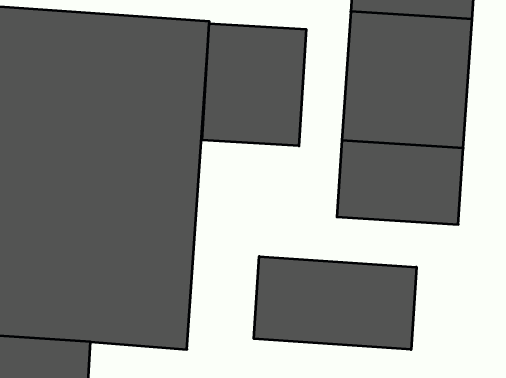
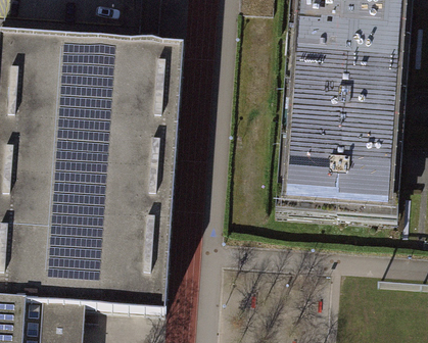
building: [202,24,306,146] -> none
building: [254,256,416,350] -> none

